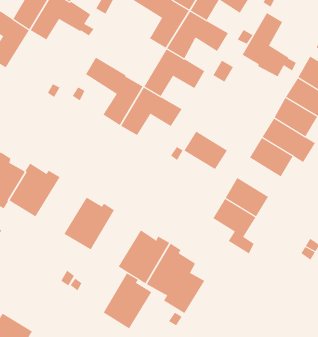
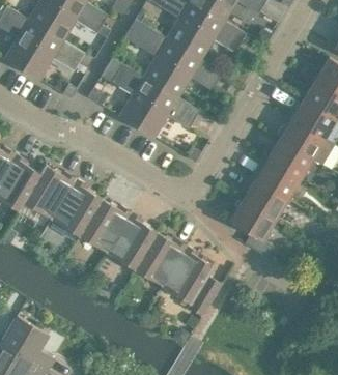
building: [242,12,297,77] -> none
building: none -> [123,21,182,89]
building: none -> [21,32,84,82]
building: [184,131,228,170] -> [254,161,299,200]
building: none -> [49,180,102,242]
building: [103,272,152,329] -> [107,213,157,270]

